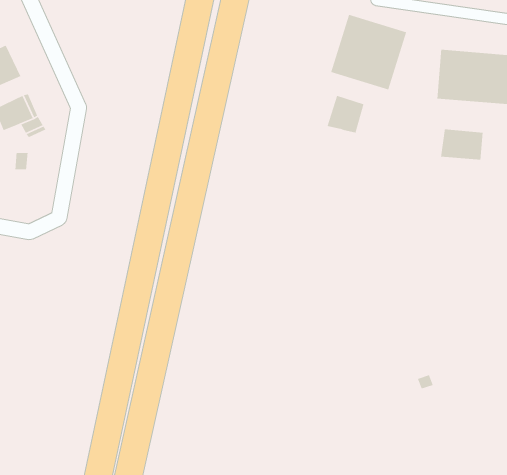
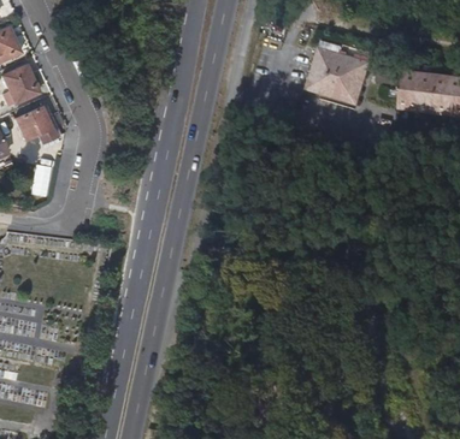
building: [327,95,365,133] -> none
building: [440,129,484,161] -> none

